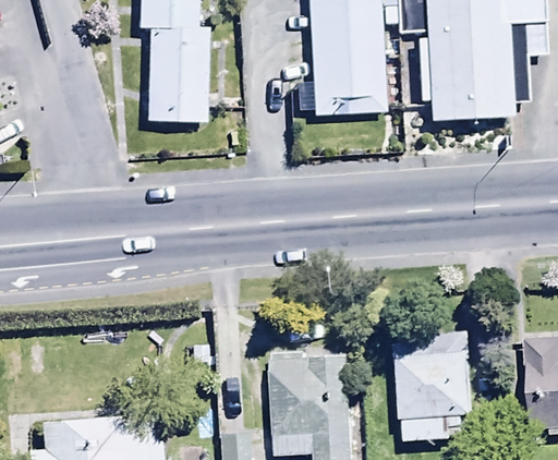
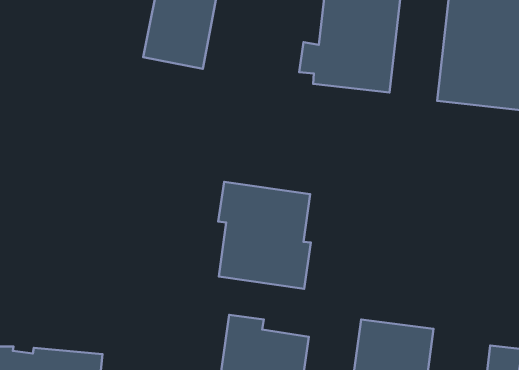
building: none -> [218,182,311,289]

